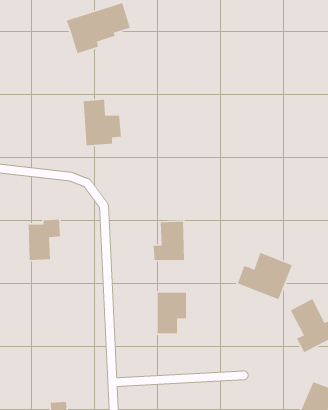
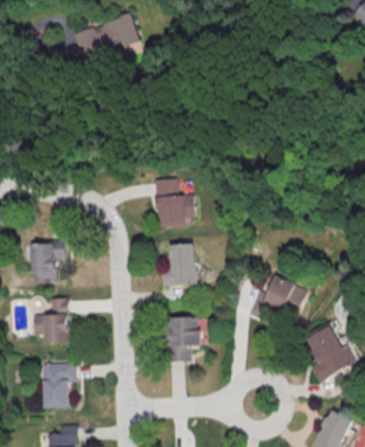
building: [83,99,122,146] -> [156,177,197,226]
building: none -> [43,298,70,345]
building: none -> [40,364,75,410]

